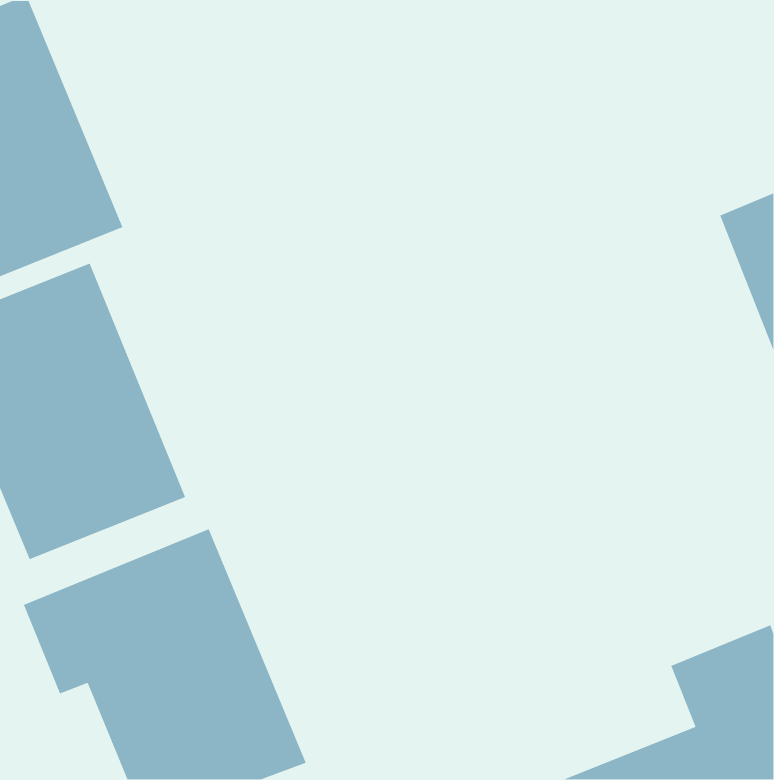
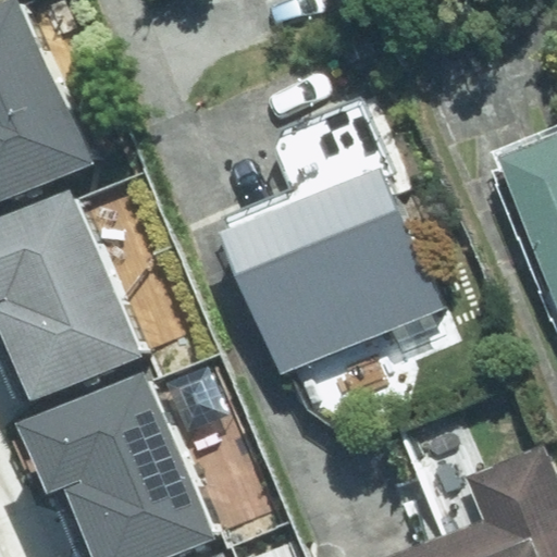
building: none -> [238,166,441,368]

